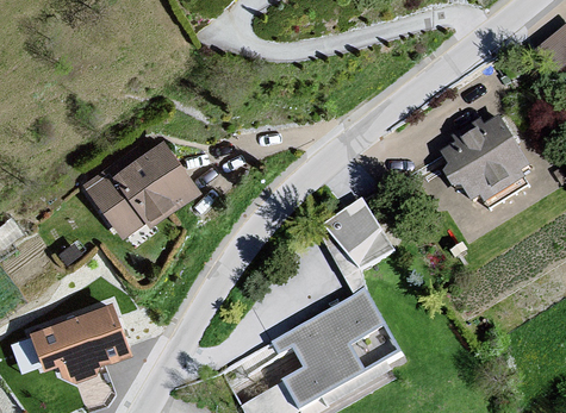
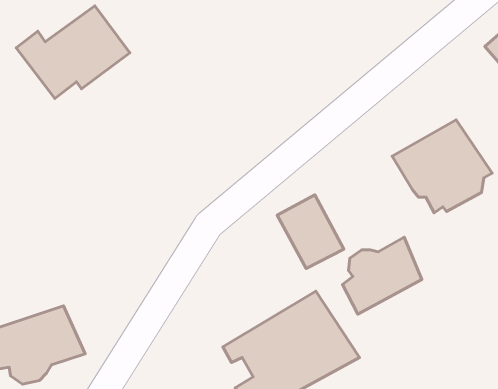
building: [80,143,192,234] -> [16,6,130,99]
building: none -> [343,237,422,314]

